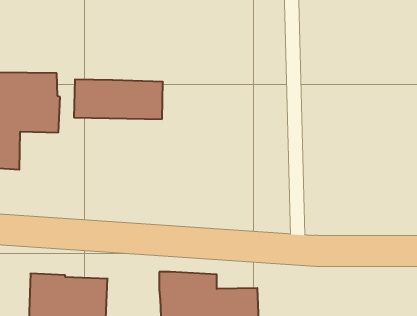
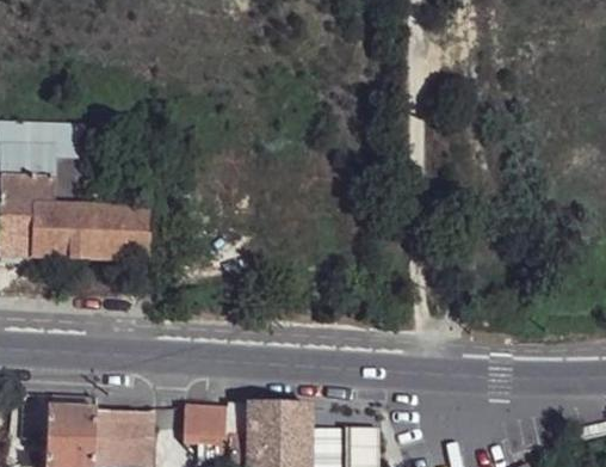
building: [74,79,163,119] -> [29,203,154,259]
building: none -> [181,401,227,440]

